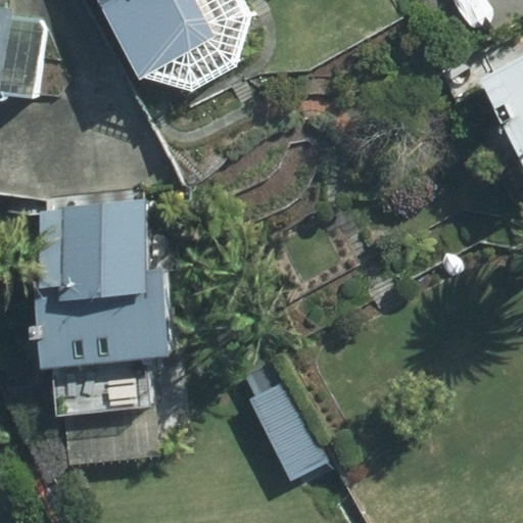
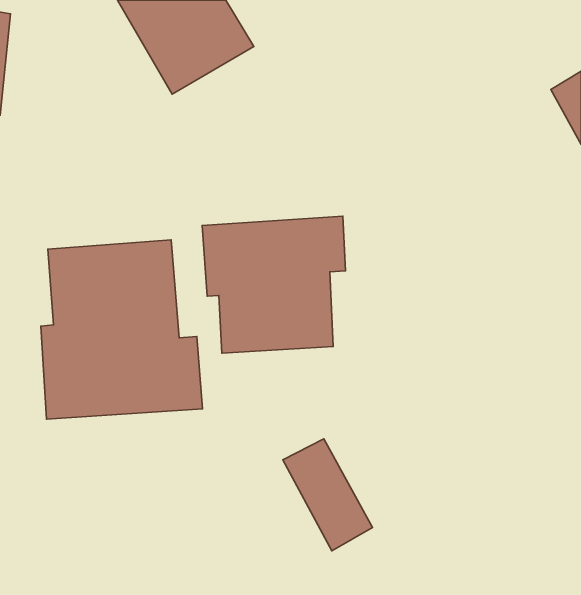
building: none -> [202,216,345,353]

